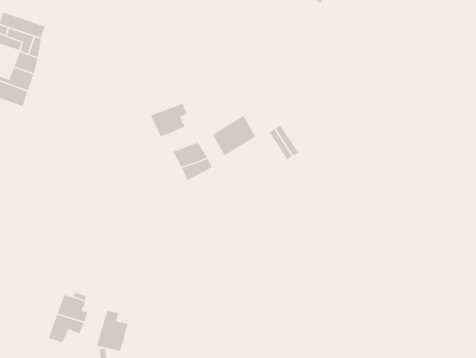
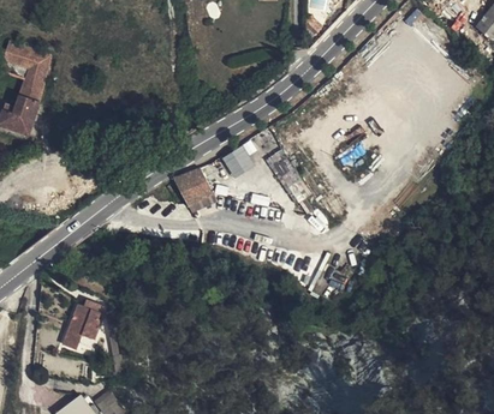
building: [150,103,188,137] -> none
building: [96,310,129,352] -> none

